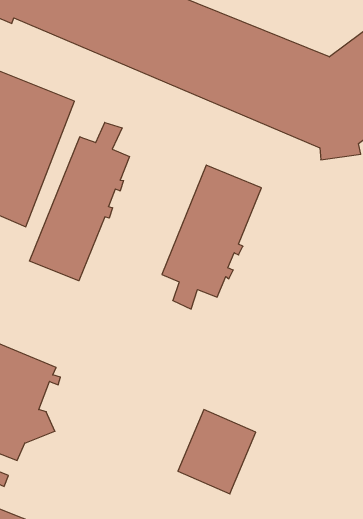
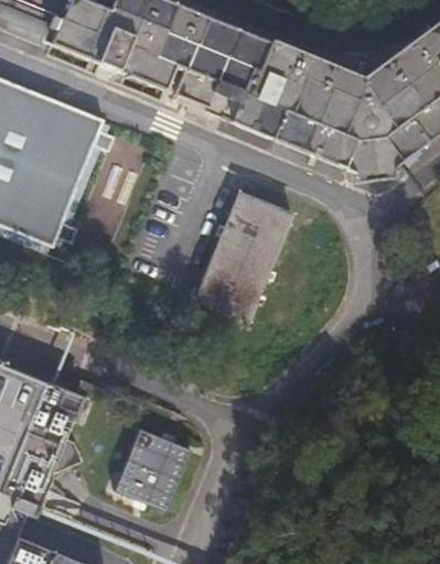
building: [29,122,129,281] -> none
building: [178,410,256,494] -> [114,422,193,508]

